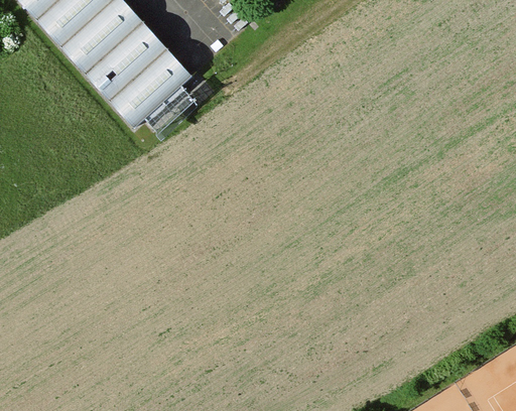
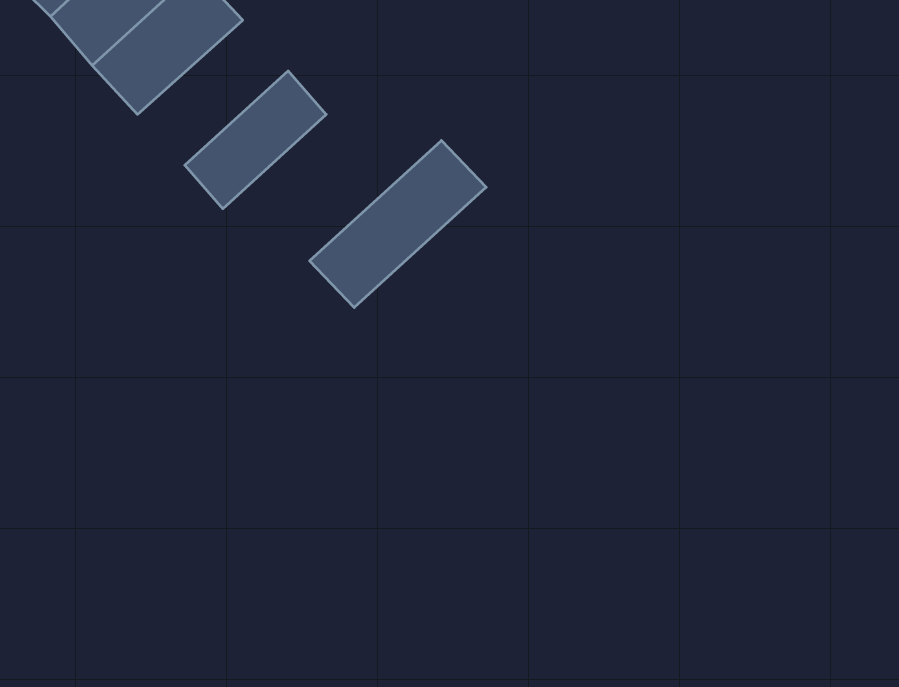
building: [82,18,165,99] -> none
building: none -> [310,140,486,308]

